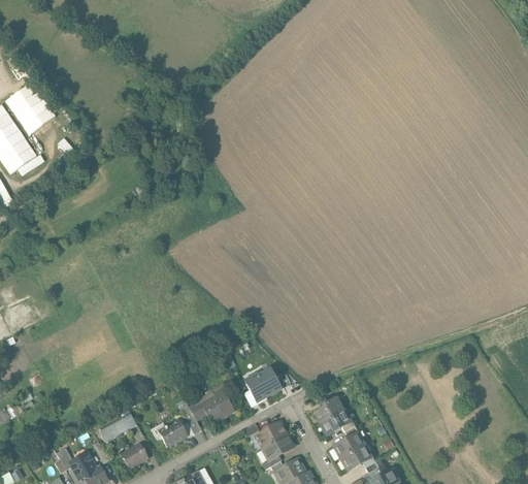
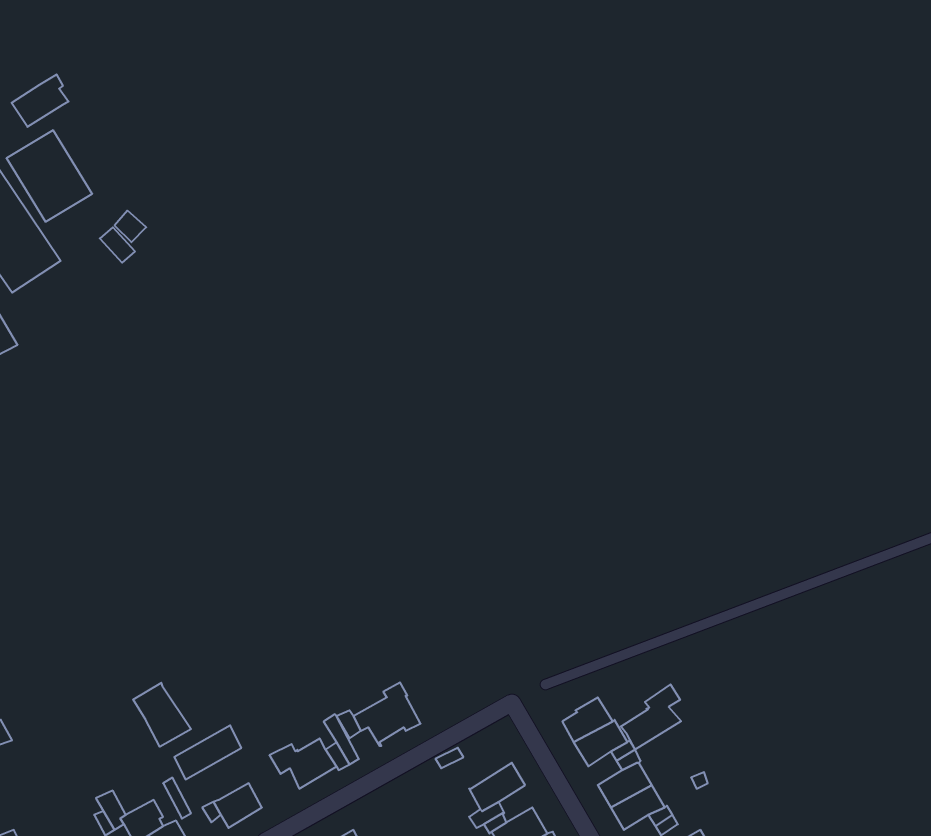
building: none -> [12,74,69,127]
building: [244,368,279,400] -> none
building: none -> [133,683,191,747]
building: none -> [621,684,681,750]
building: [256,420,286,447] -> none

